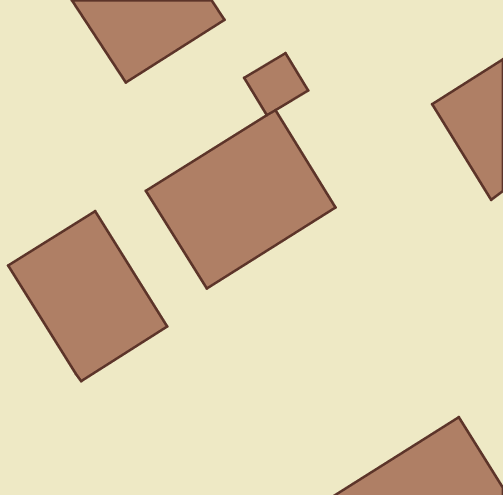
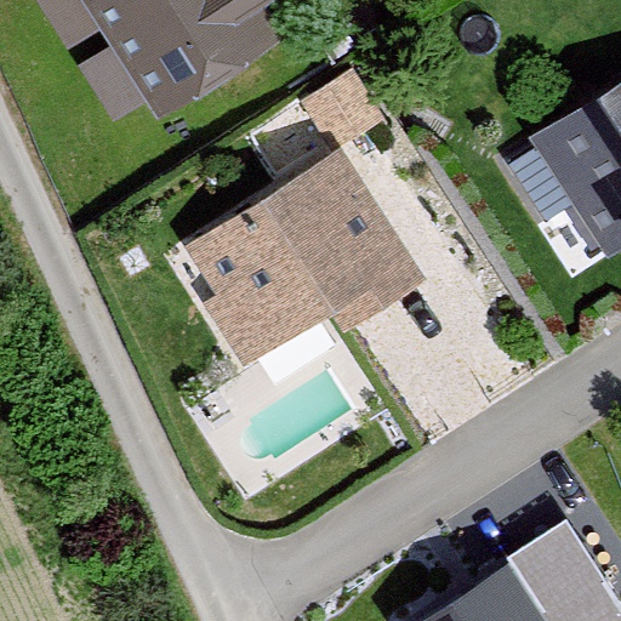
building: [8,211,167,381] -> none

